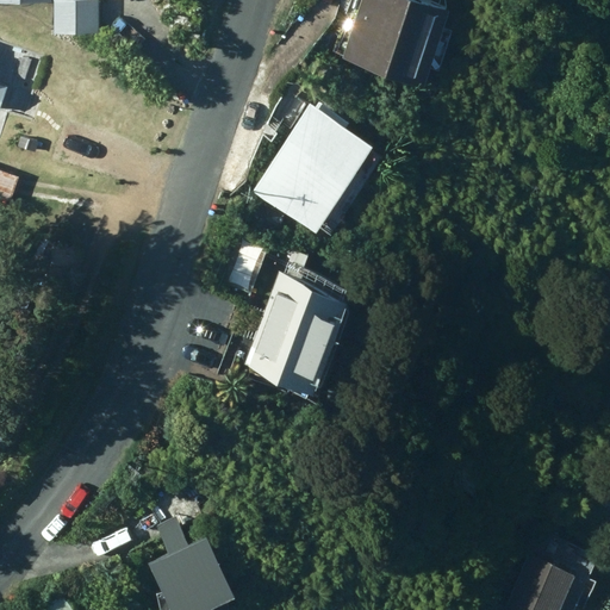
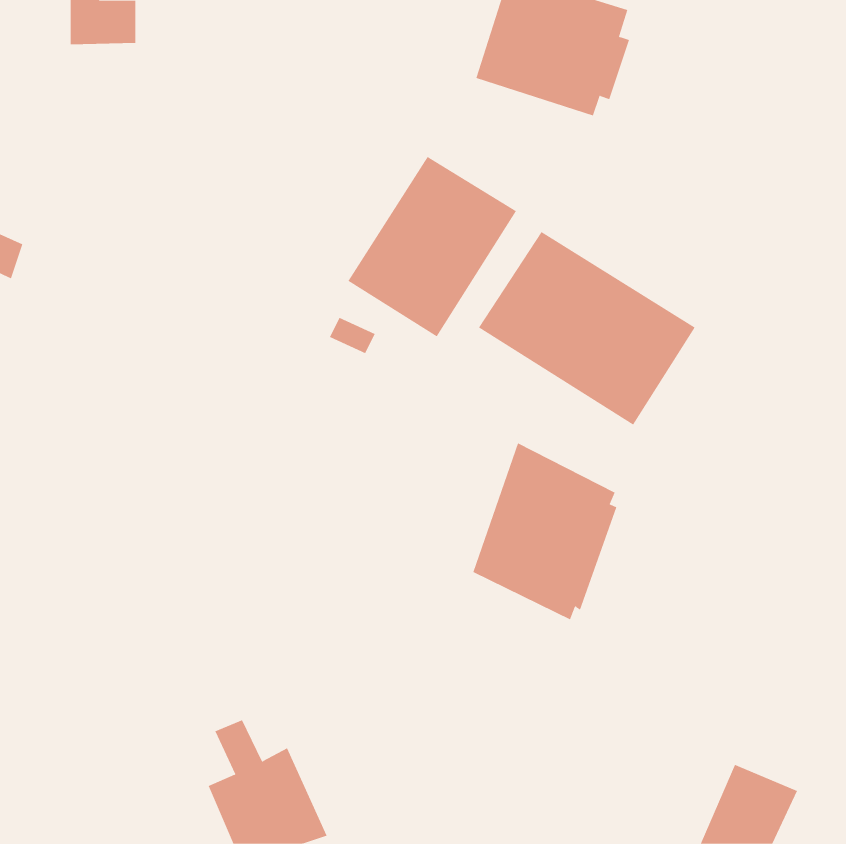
building: none -> [478,231,695,425]
building: [244,268,348,396] -> [473,443,617,620]

